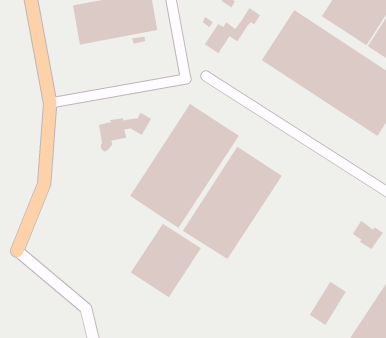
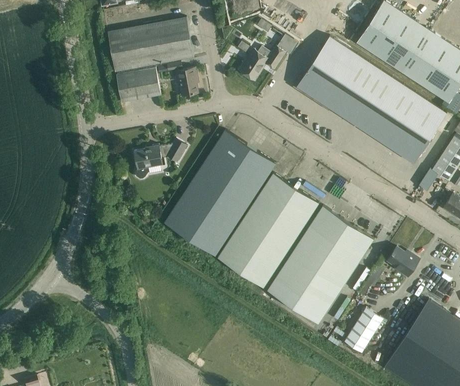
building: none -> [116,67,160,102]
building: none -> [175,68,197,95]
building: none -> [267,206,373,323]
building: [130,223,202,298] -> none

